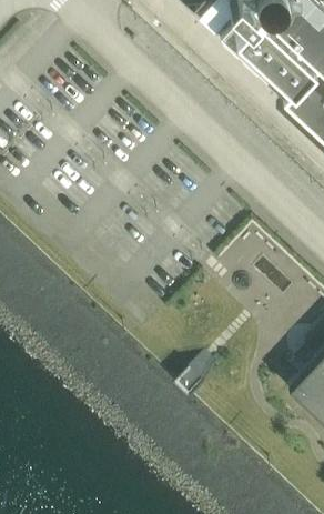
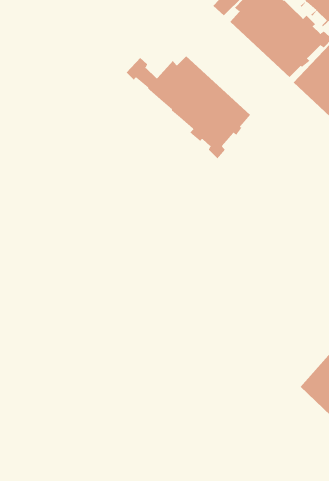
building: none -> [126,55,251,159]

